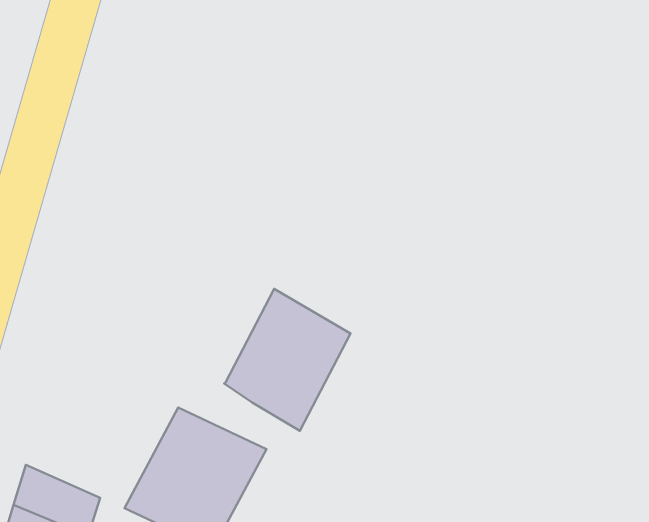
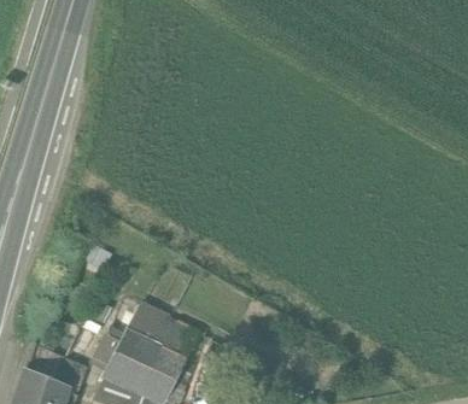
building: [224,289,350,431] -> none

